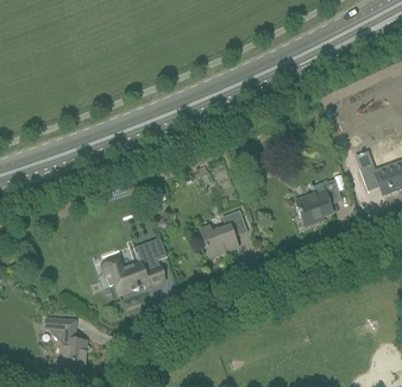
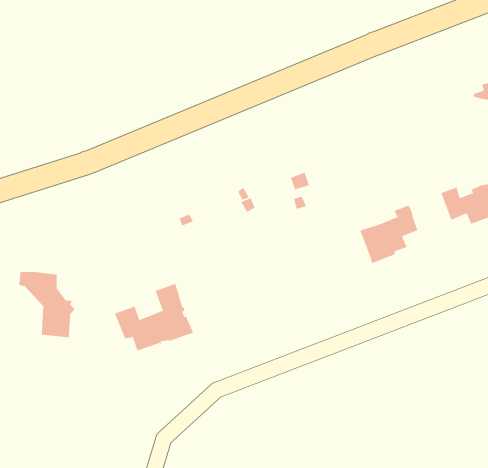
building: [199,208,245,256] -> none
building: [44,317,89,369] -> [18,272,76,338]

